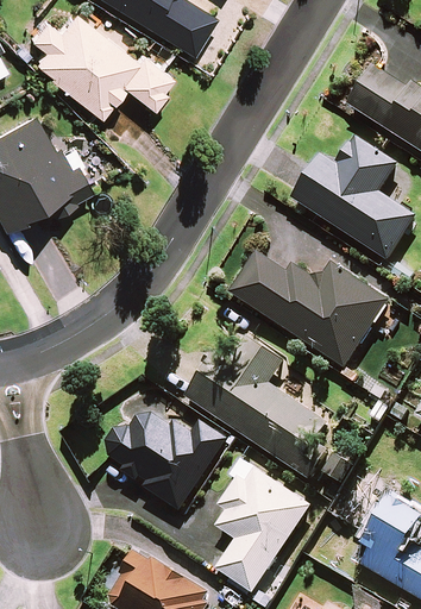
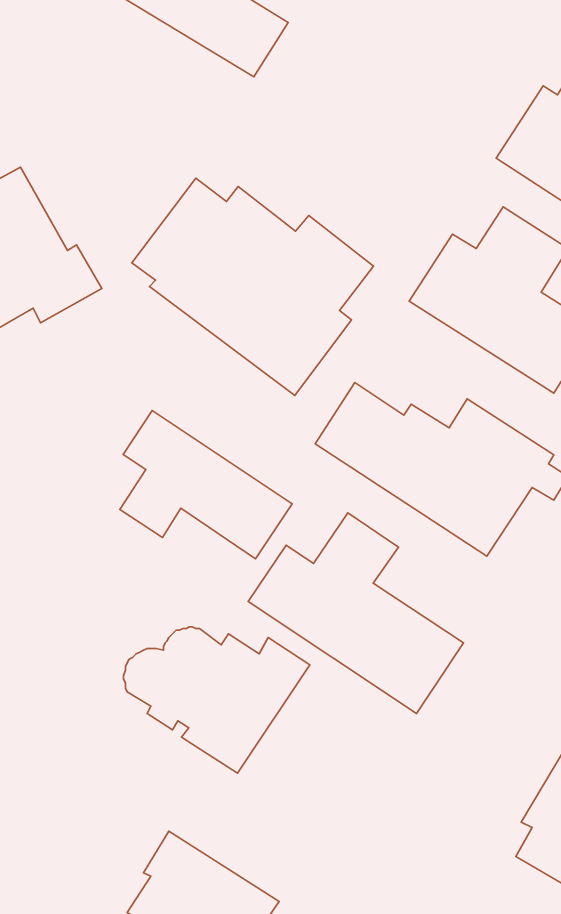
building: [29,12,170,114] -> none
building: none -> [132,178,374,396]
building: none -> [120,410,292,559]
building: [216,459,310,591] -> none

